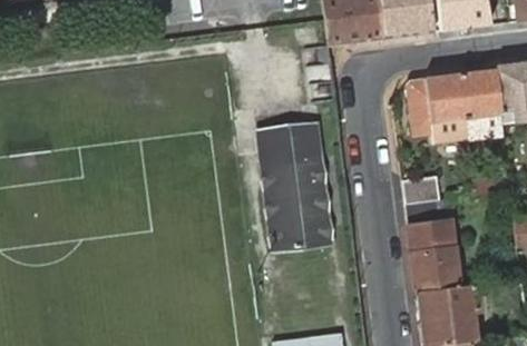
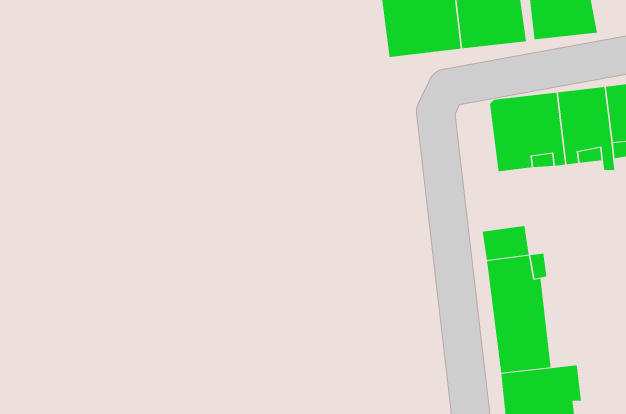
building: [254,120,334,249] -> none

